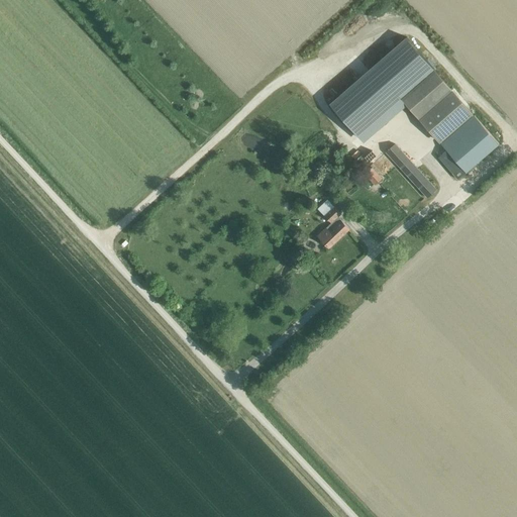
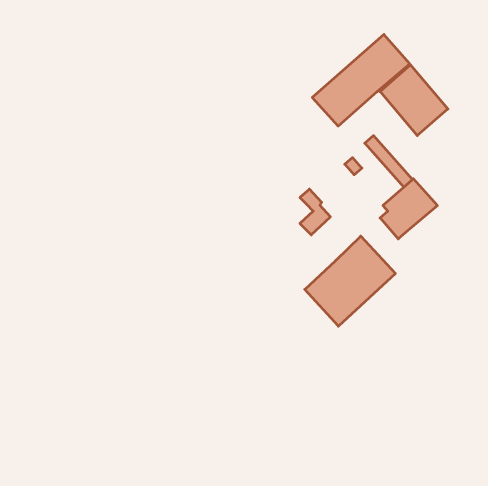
building: [438,117,499,181] -> [380,179,437,239]
building: none -> [305,236,395,326]

